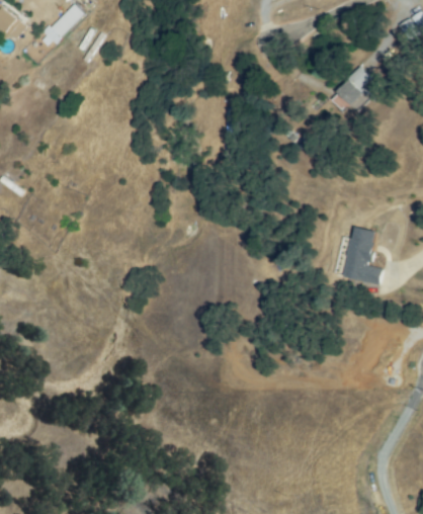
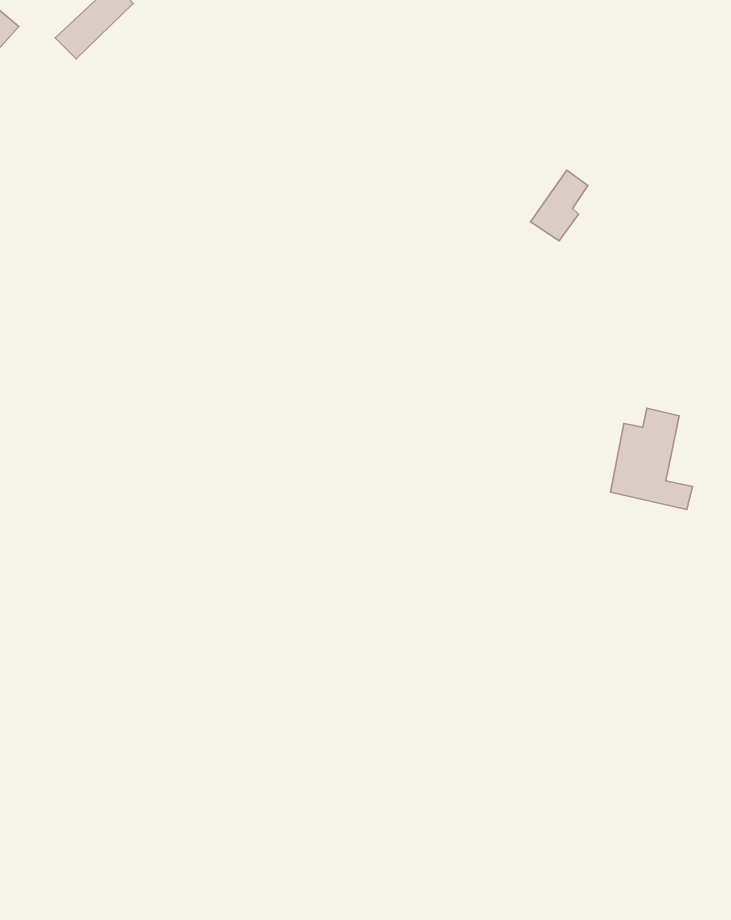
building: [338,68,368,105] -> [531,170,588,241]

